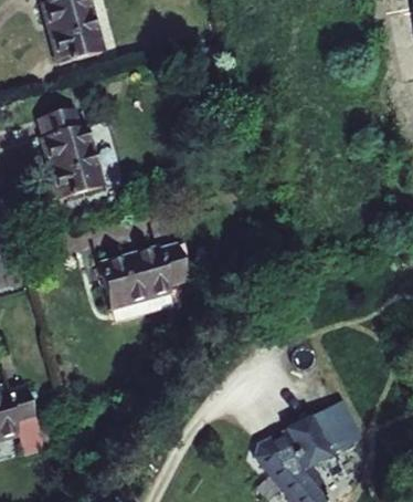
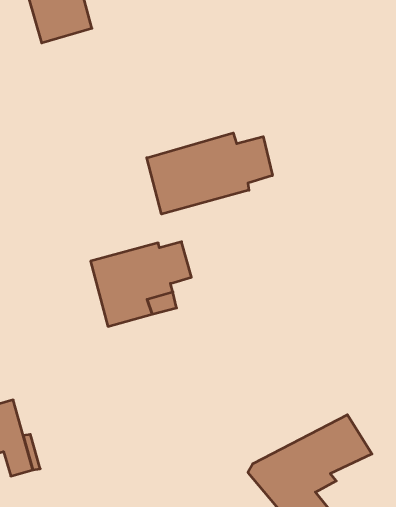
building: [39,106,103,197] -> none
building: none -> [147,133,272,214]

